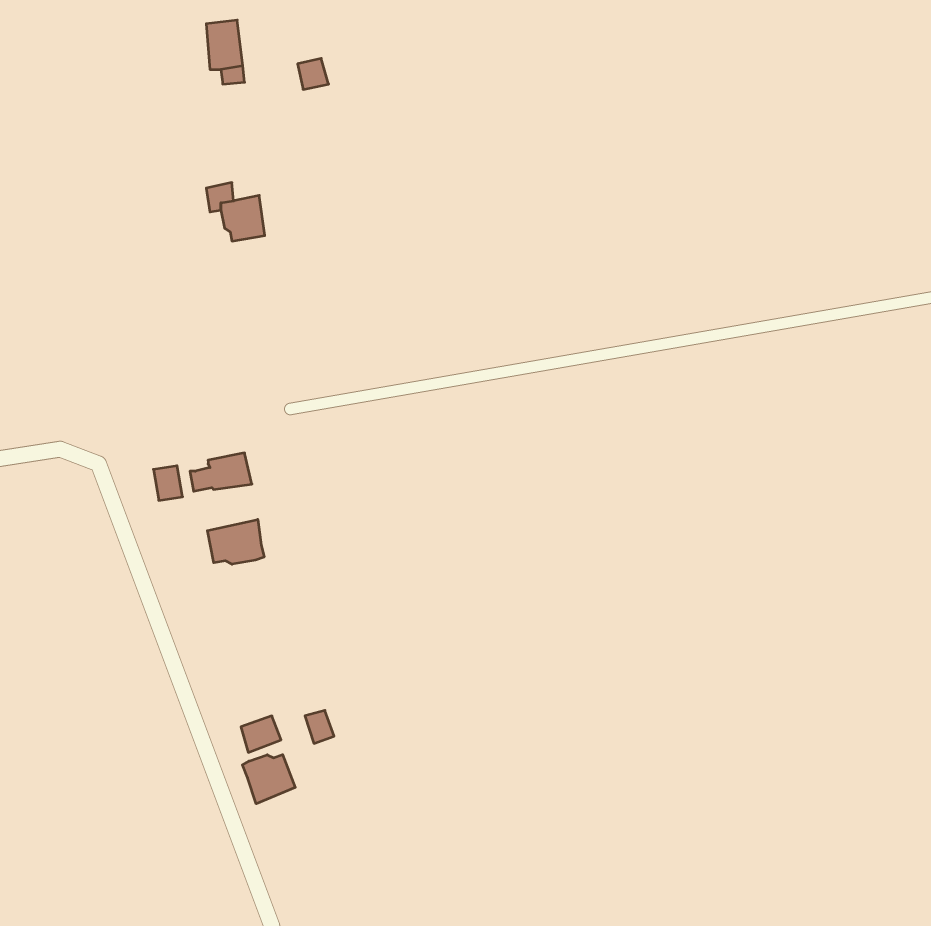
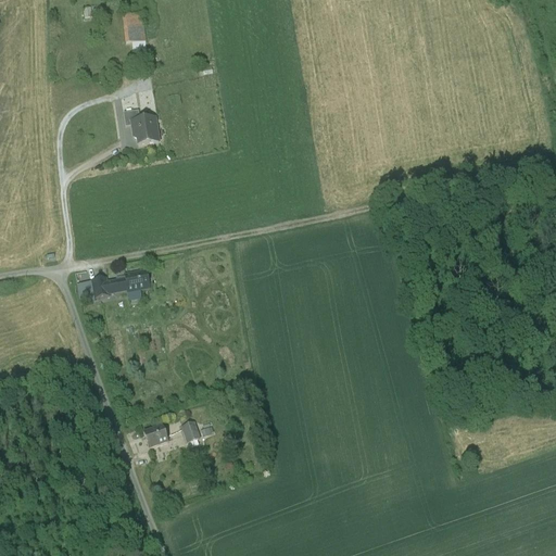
building: [207,519,264,564] -> none
building: [242,755,295,804] -> none

